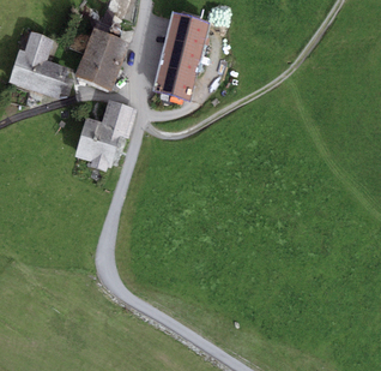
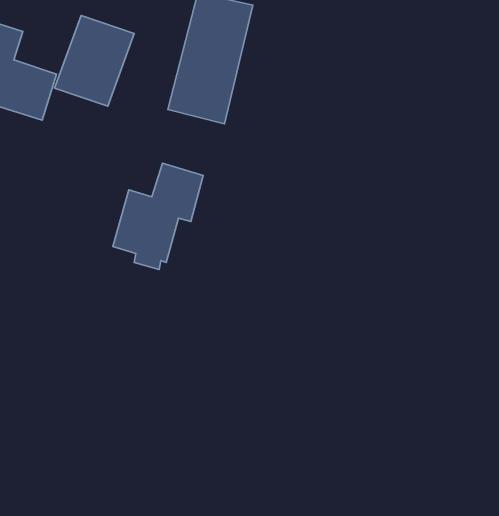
building: [74,100,135,172] -> [113,163,203,269]

